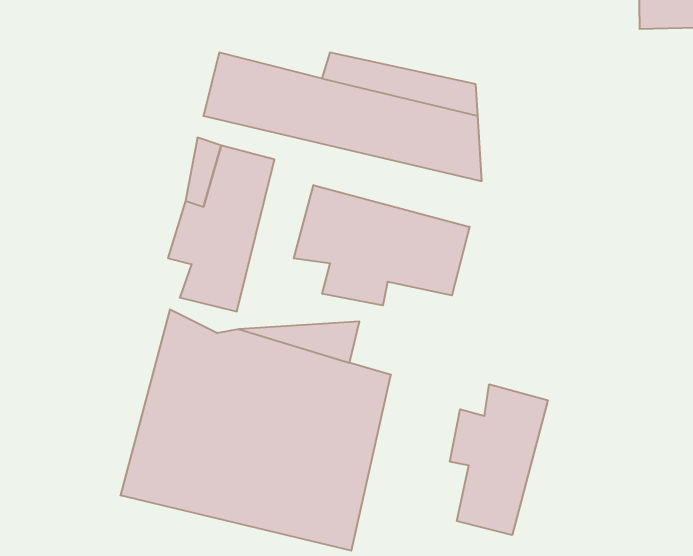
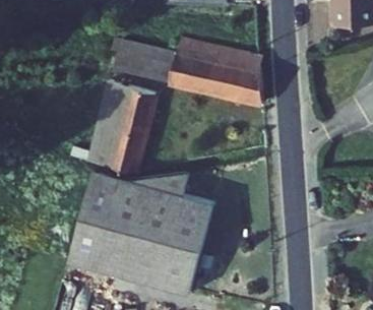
building: [294,185,470,305] -> none
building: [450,384,548,535] -> none

